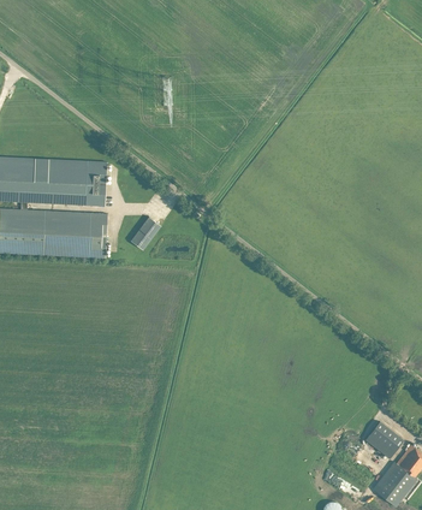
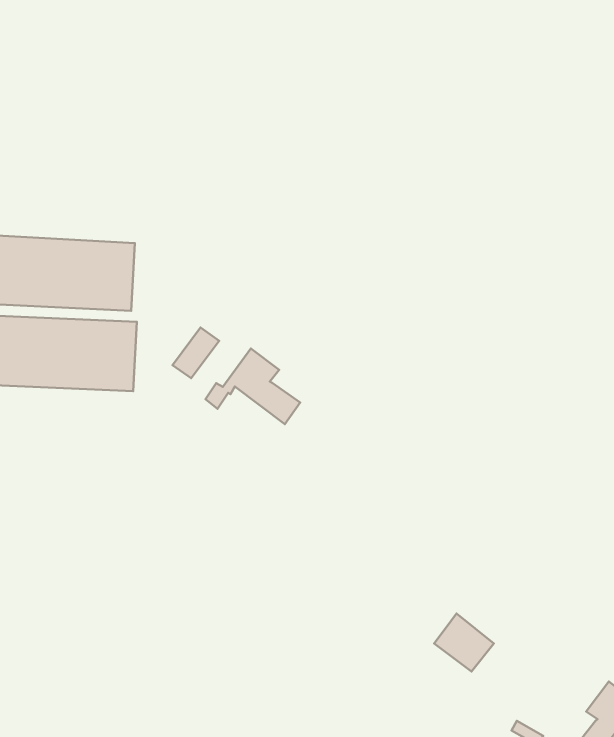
building: none -> [205,349,300,424]
building: [363,421,402,458] -> [434,614,494,672]

